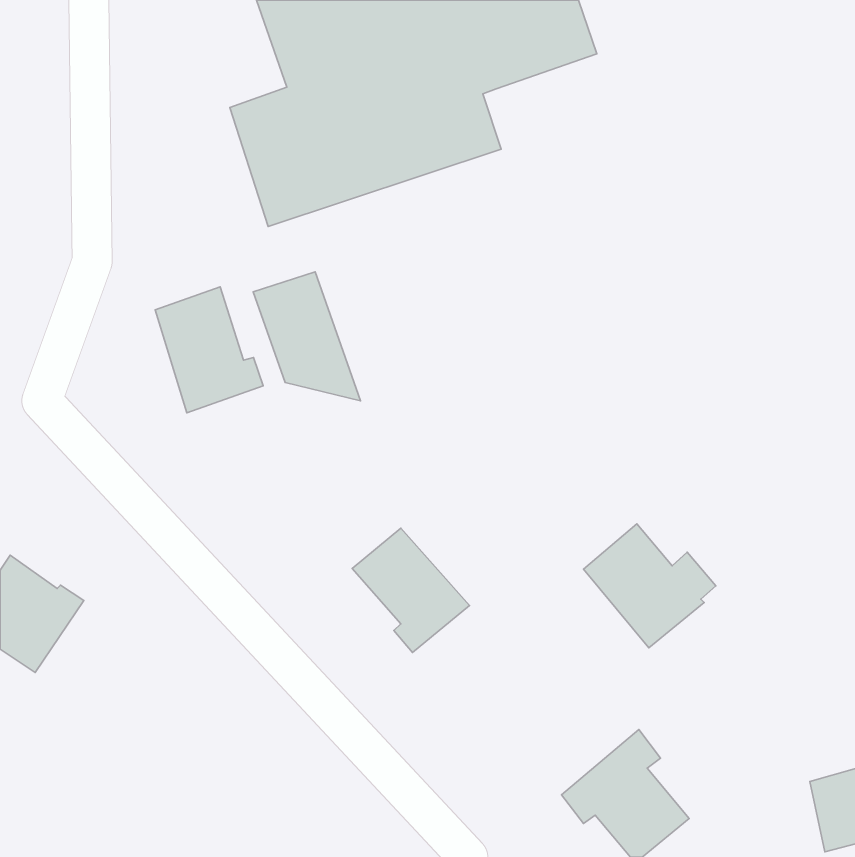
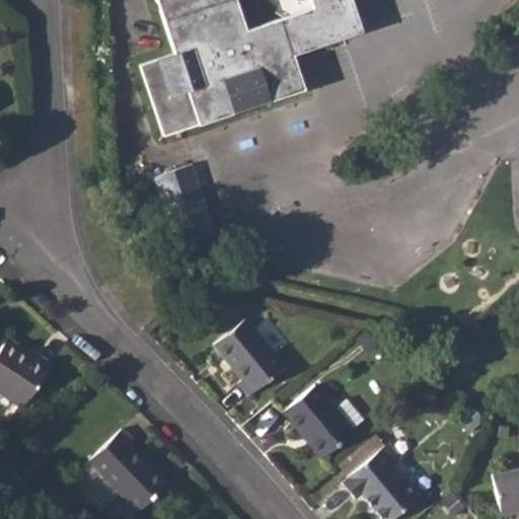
building: [155,287,263,413] -> none
building: [583,524,716,648] -> [283,383,363,458]
building: none -> [90,429,167,510]

